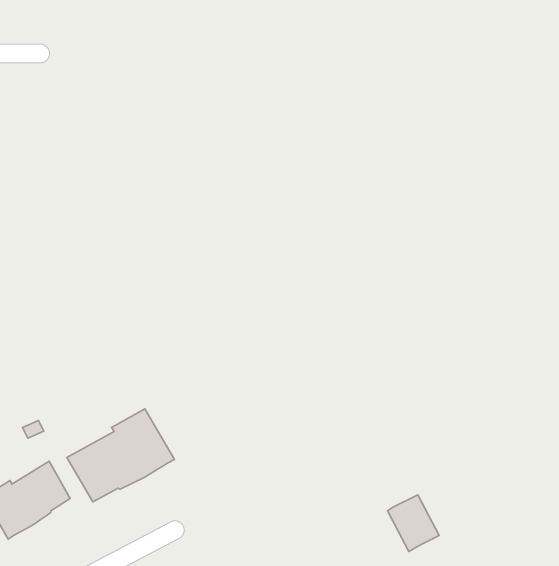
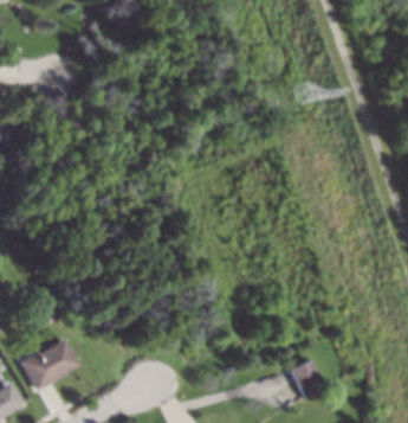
building: [67,409,175,502] -> none

